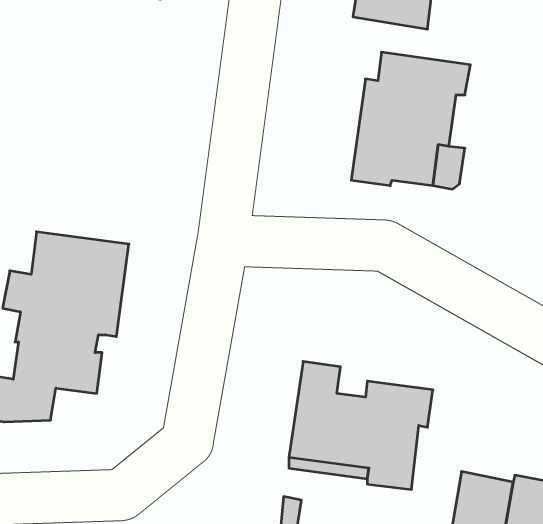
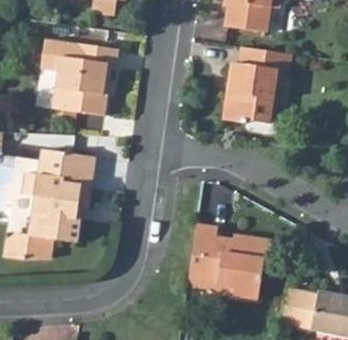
building: none -> [40,40,118,116]

